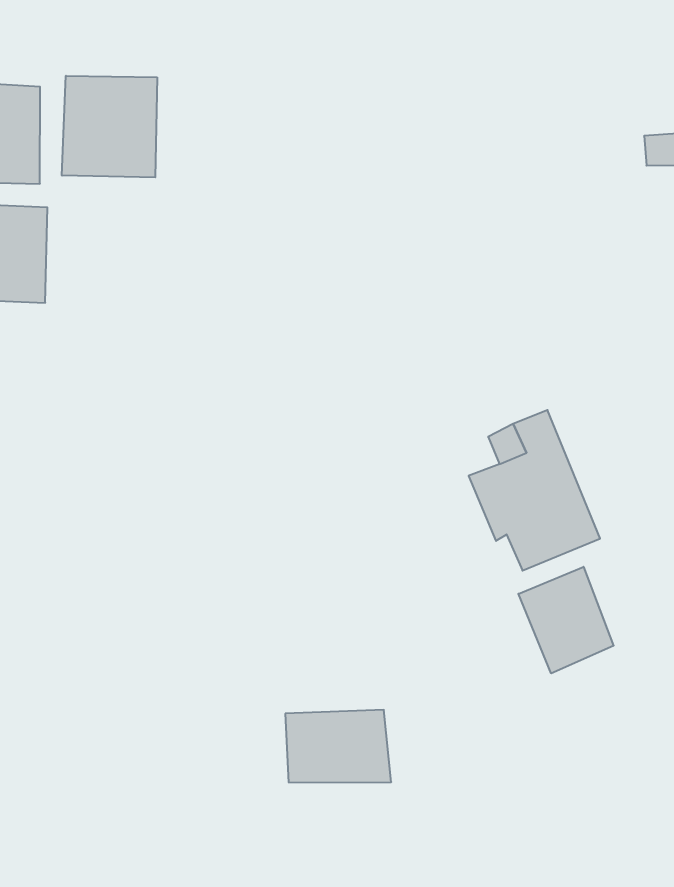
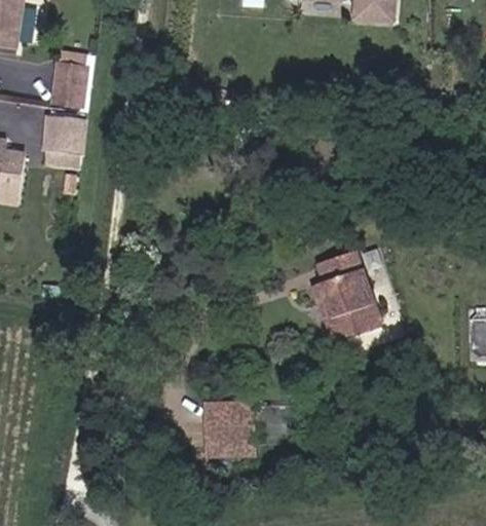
building: [62,76,157,177] -> none
building: [518,567,614,673] -> none

